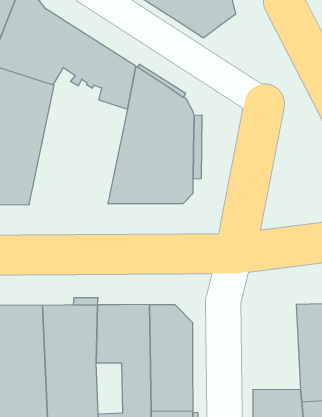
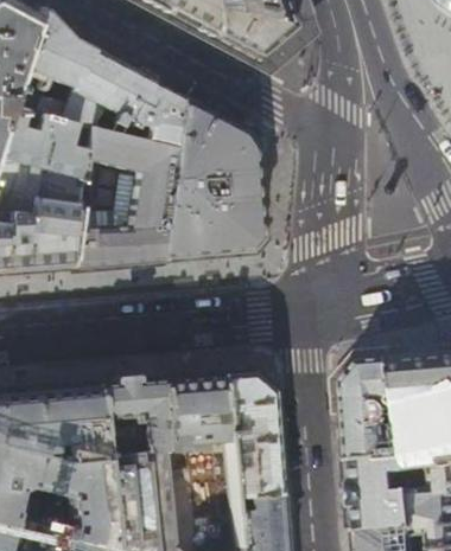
building: none -> [75,128,180,269]
building: none -> [347,360,408,463]

